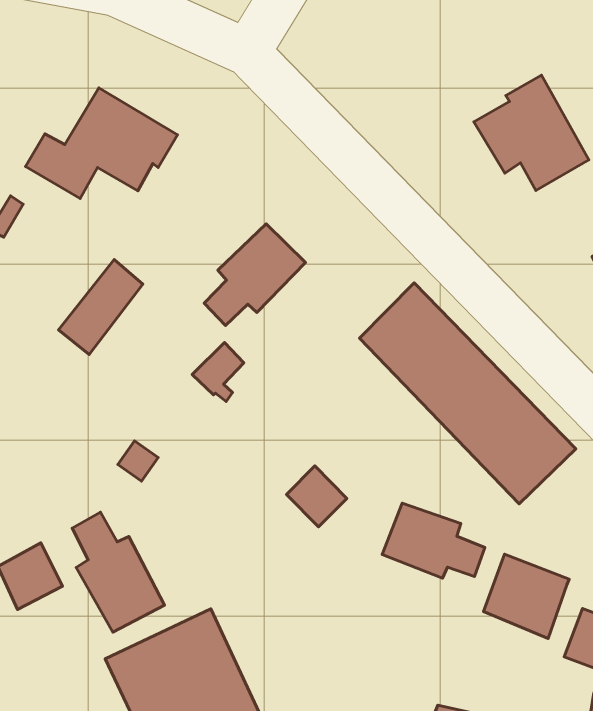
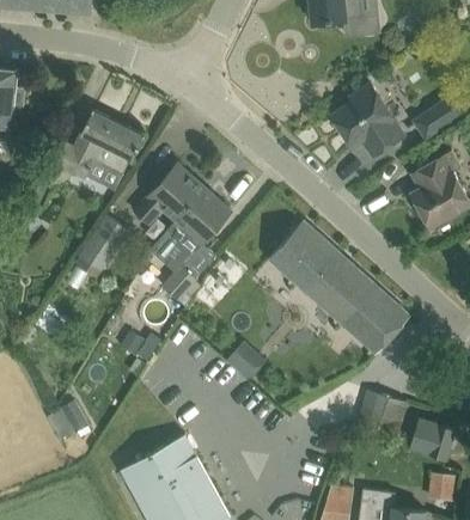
building: none -> [134,165,203,224]
building: [382,503,485,578] -> none
building: [72,512,164,632] -> none

